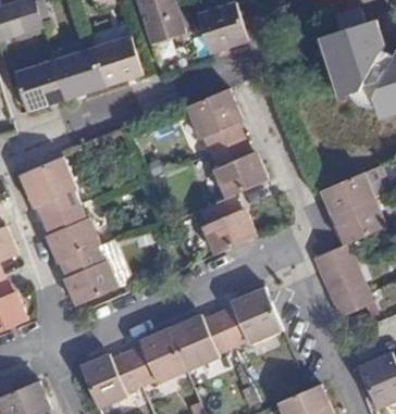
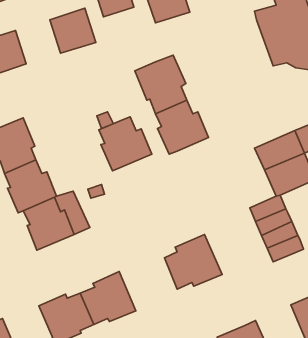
building: [53,49,103,98] -> none
building: [198,195,257,254] -> [99,117,152,171]
building: [169,313,233,372] -> none

